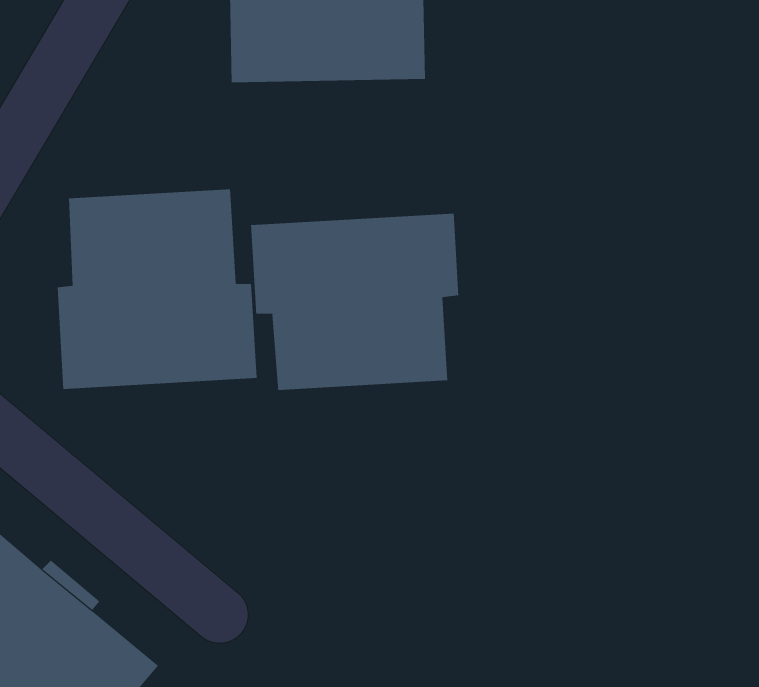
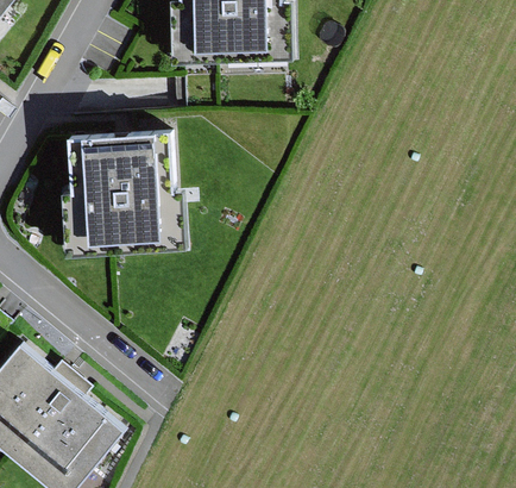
building: [250,213,459,391] -> none

